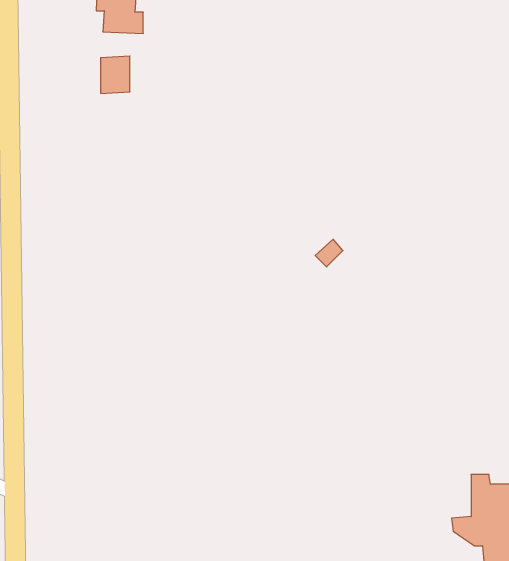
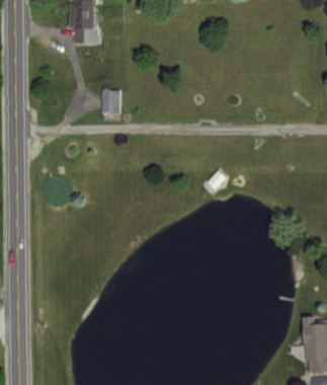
building: [101,56,130,93] -> [101,90,119,113]

